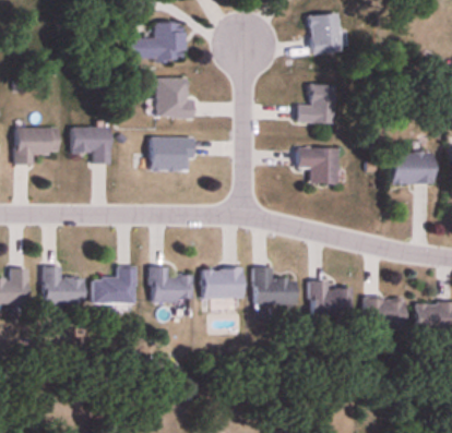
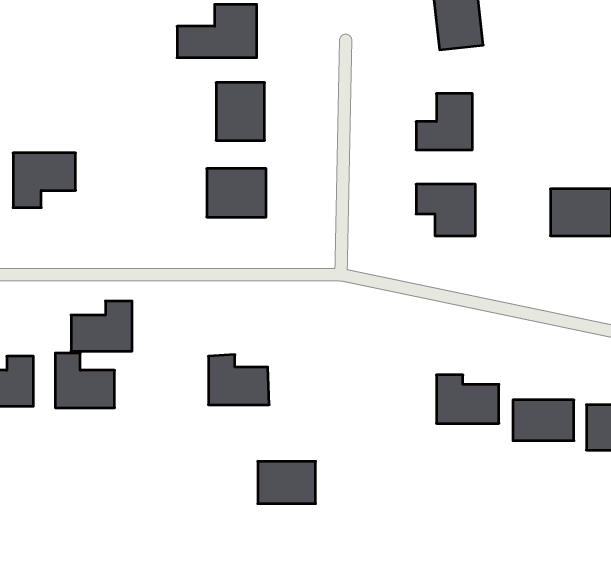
building: [71,125,109,163] -> none
building: [93,267,135,302] -> [71,301,132,351]
building: [253,267,296,304] -> none
building: [202,268,242,298] -> [258,461,316,504]

